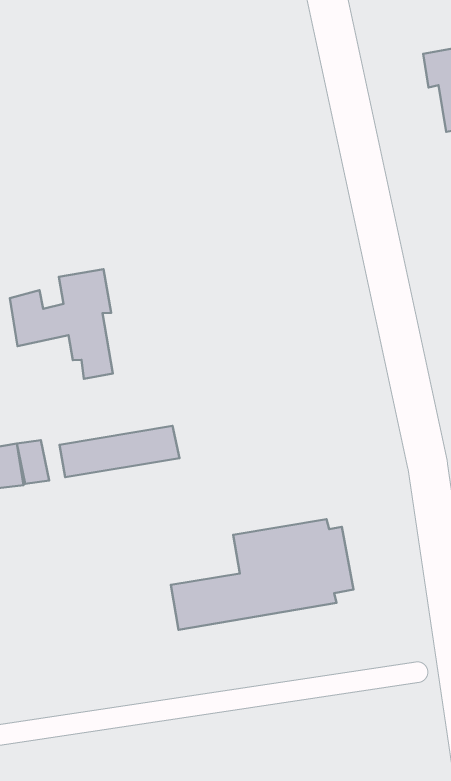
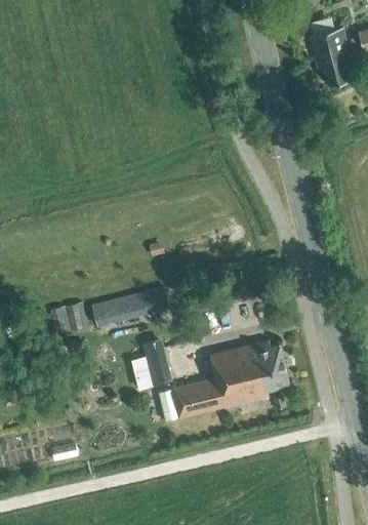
building: [10,269,113,379] -> none
building: none -> [140,339,170,386]

